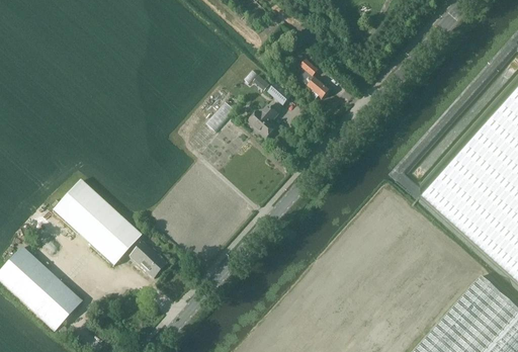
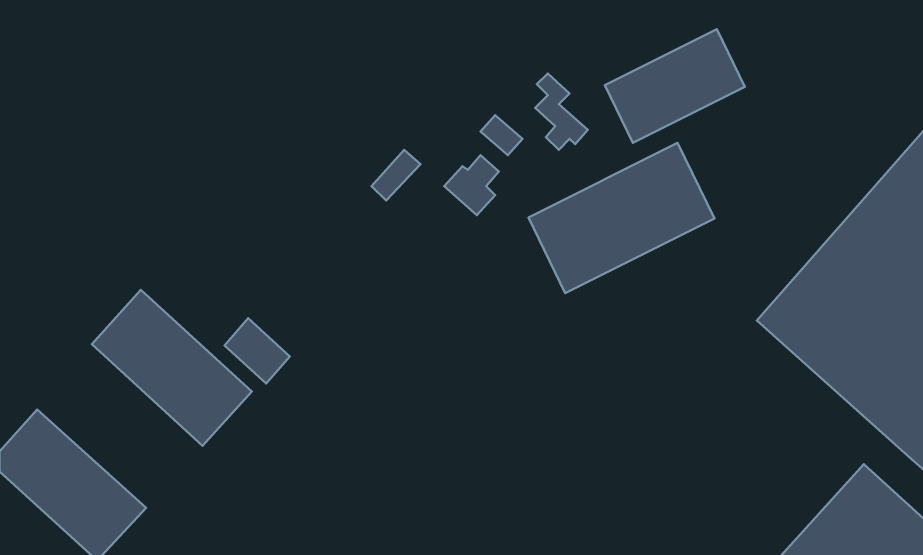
building: none -> [605,29,745,143]
building: none -> [528,143,714,293]
building: [130,241,166,277] -> [225,318,290,384]

